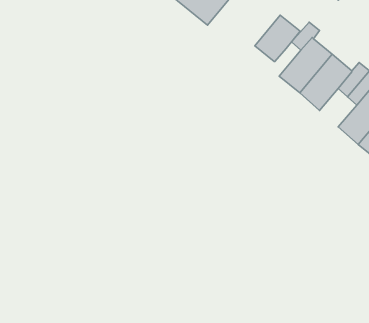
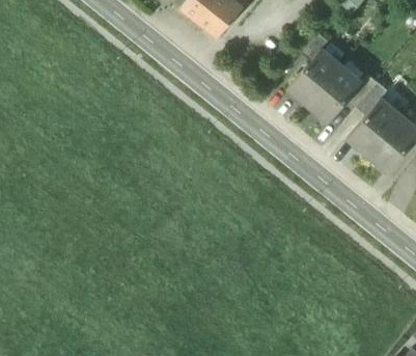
building: [255,15,300,61] -> none

